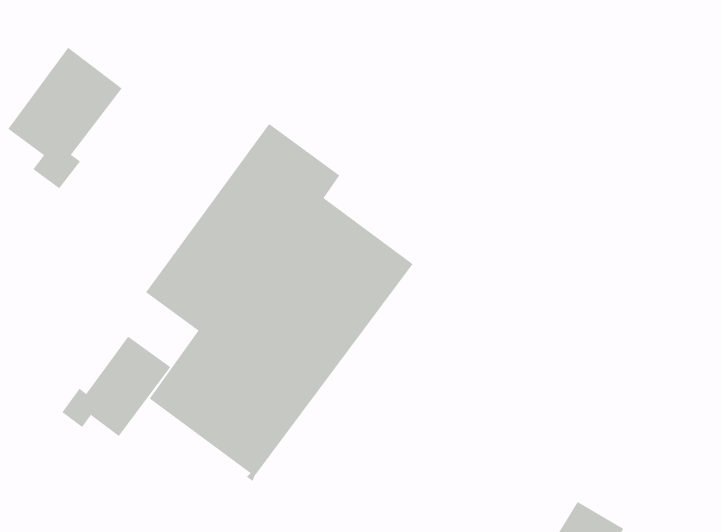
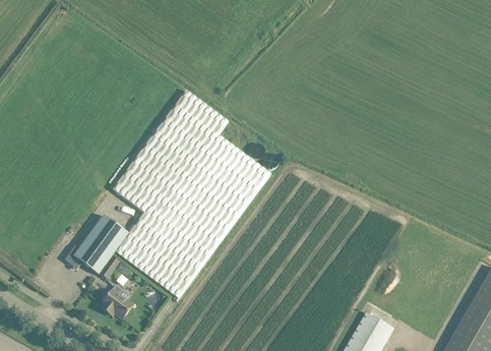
building: [8,47,122,189] -> none
building: none -> [102,286,133,318]

